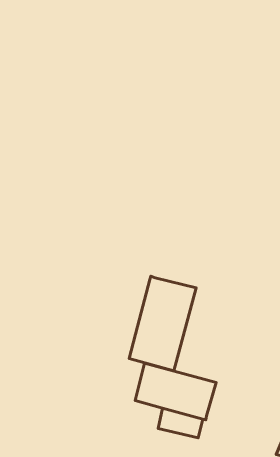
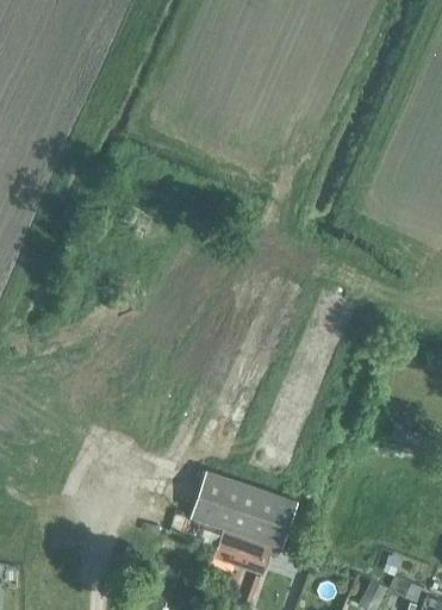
building: [129,276,196,371] -> none

